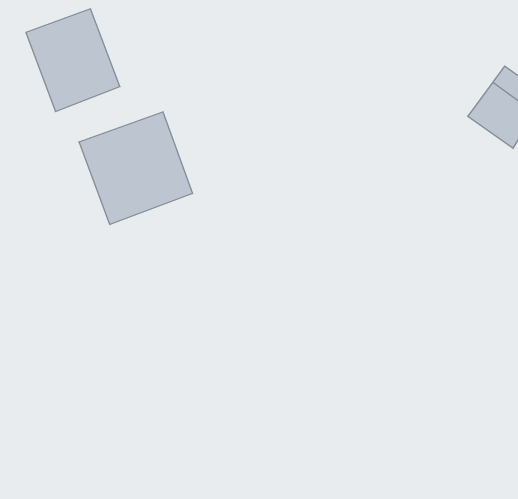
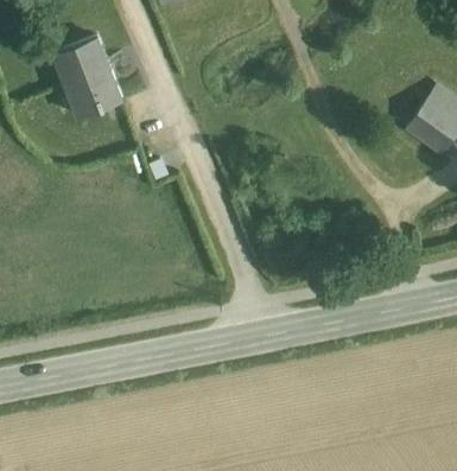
building: [79,112,193,225] -> none

